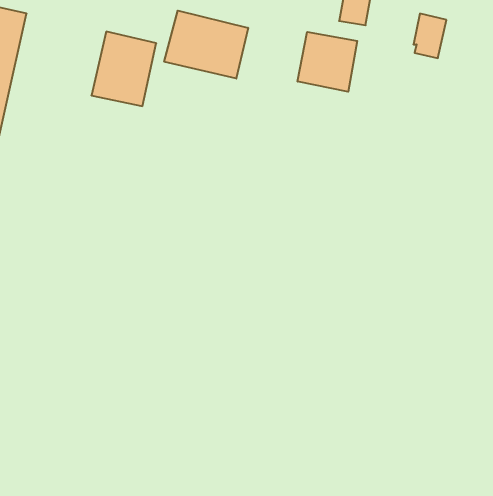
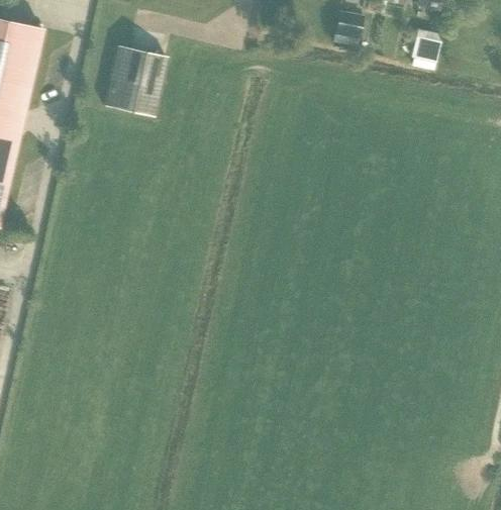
building: [164,11,248,79] -> none
building: [298,32,357,92] -> none

